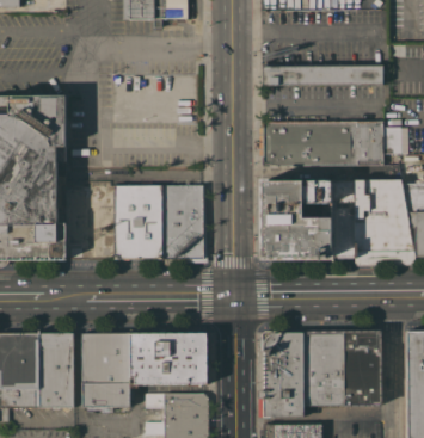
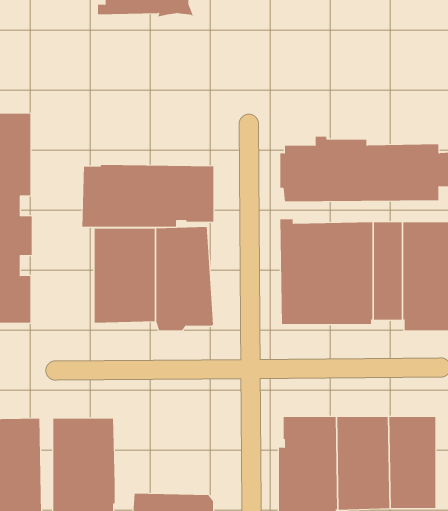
building: [262,64,382,84] -> none
building: none -> [82,164,214,227]
building: [130,332,210,384] -> none

